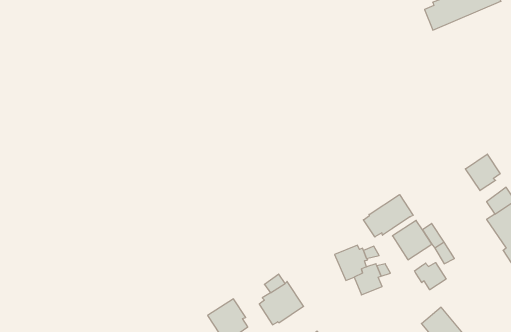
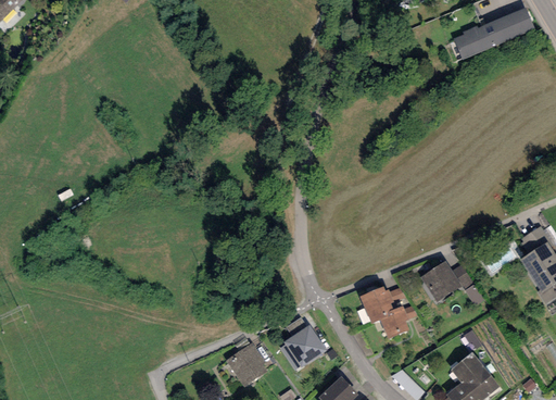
building: [465,154,500,191] -> none
building: [363,195,413,237] -> none
building: [415,263,446,290] -> none

